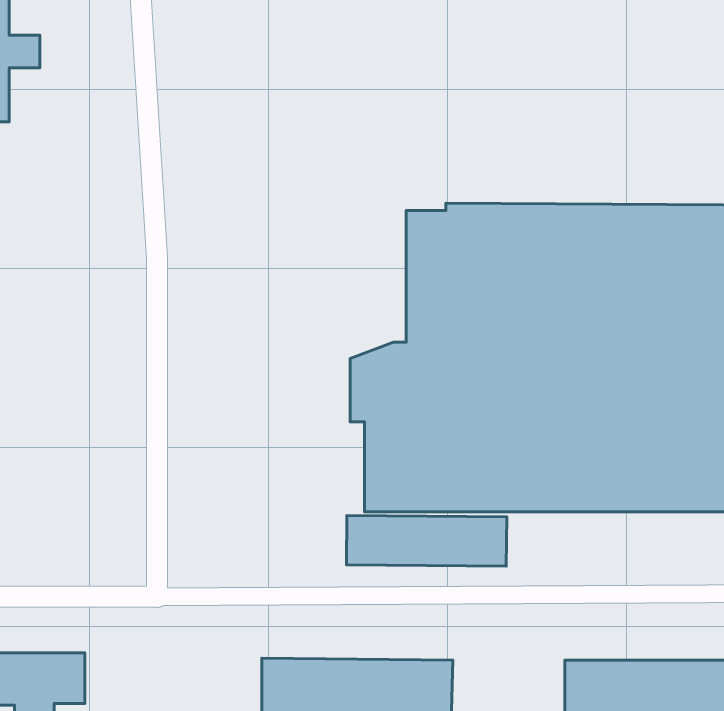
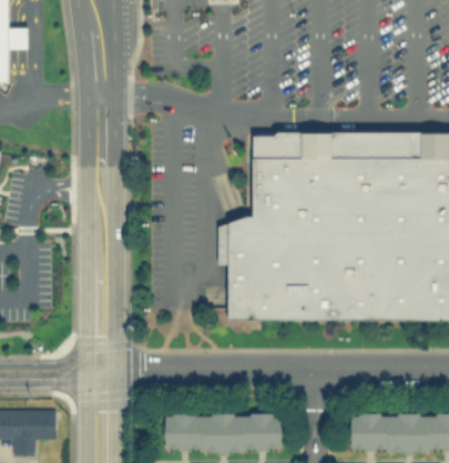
building: [346,515,507,566] -> none

